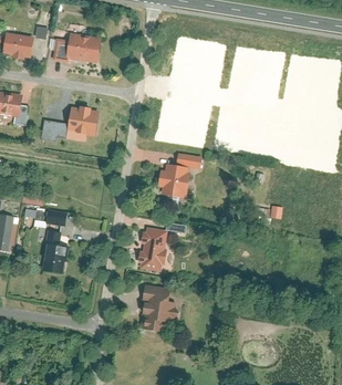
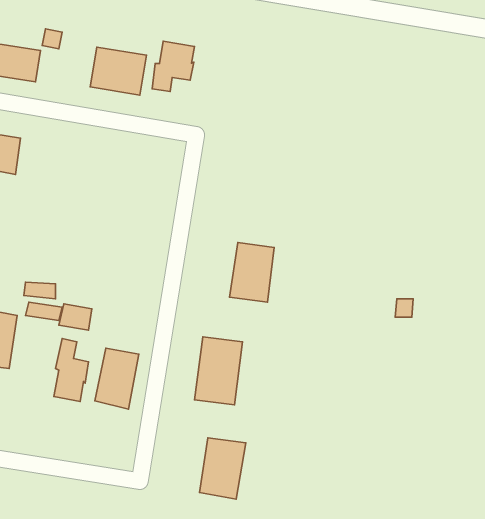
building: none -> [152,41,195,91]
building: [53,108,97,141] -> none
building: none -> [95,348,139,409]

